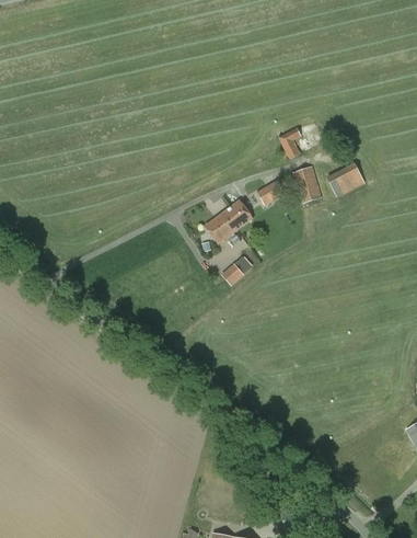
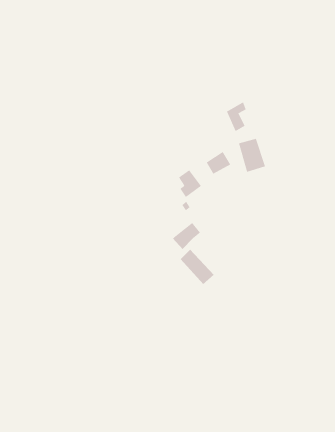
building: [326,161,364,196] -> none
building: [205,208,235,243] -> none
building: none -> [180,249,215,285]

